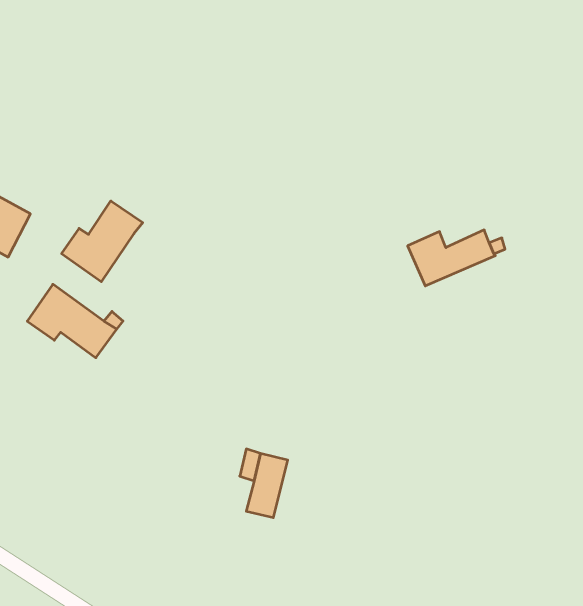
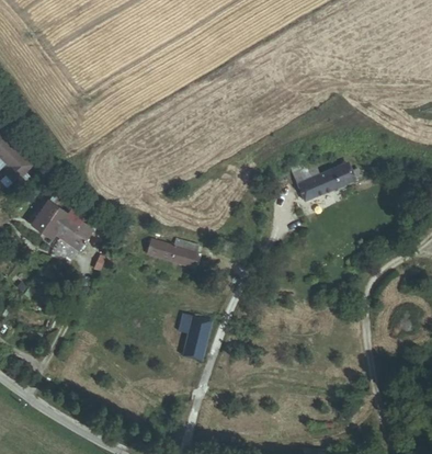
building: [62,201,143,282] -> none
building: none -> [147,240,197,268]

